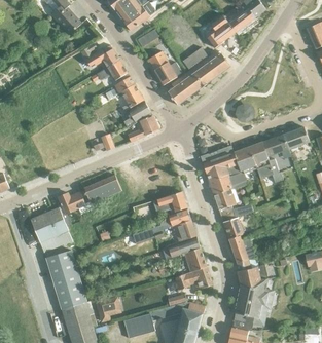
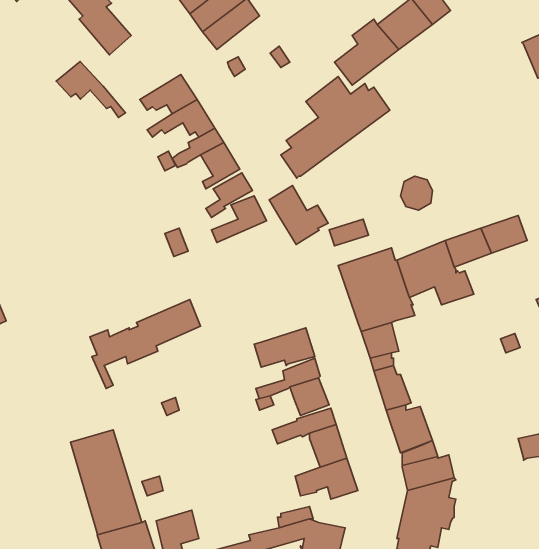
building: none -> [56,61,125,117]
building: [148,50,182,84] -> [269,186,328,245]
building: [31,207,73,252] -> none

